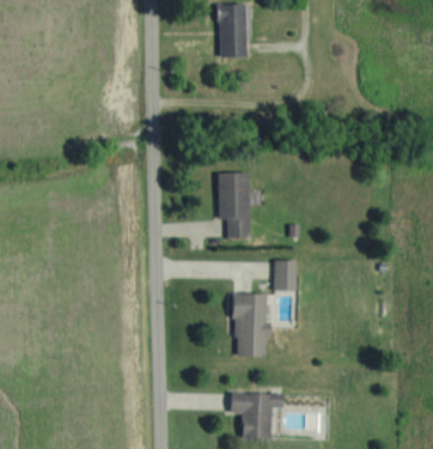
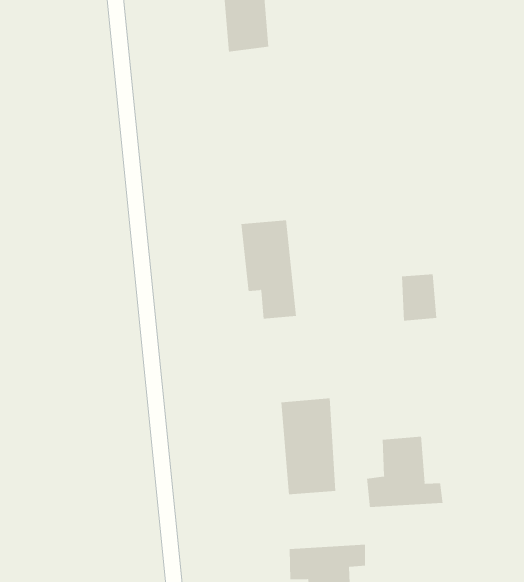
building: [273,260,295,290] -> [401,274,437,321]
building: none -> [367,436,443,508]

